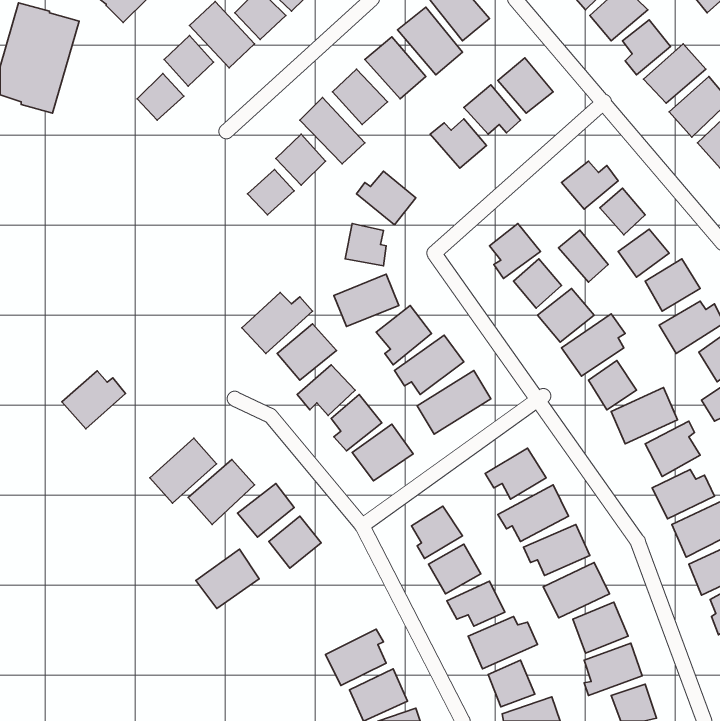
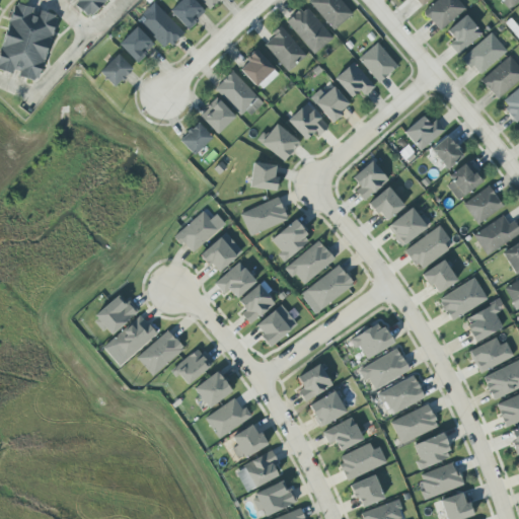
building: none -> [288,102,328,139]
building: [559,230,608,282] -> none
building: [62,371,125,429] -> [93,294,139,336]
building: [196,549,259,609] -> [205,395,250,438]
building: none -> [232,425,269,459]

